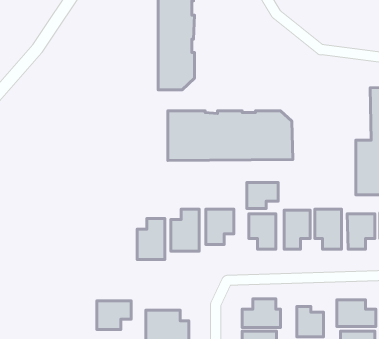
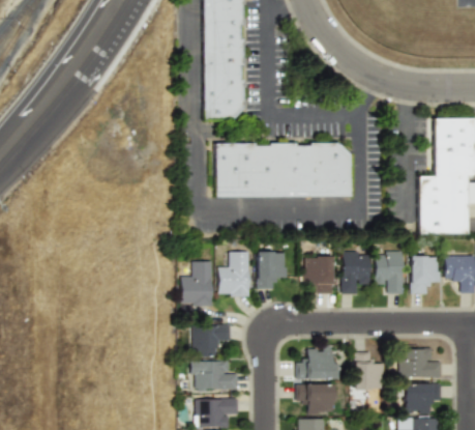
building: [247,182,278,209] -> none
building: [97,301,131,330] -> [192,325,230,356]

